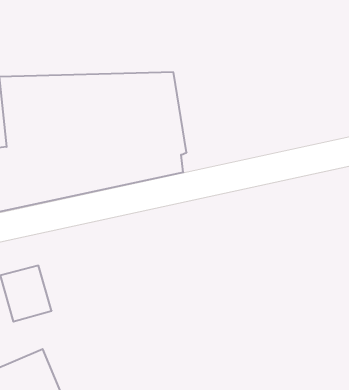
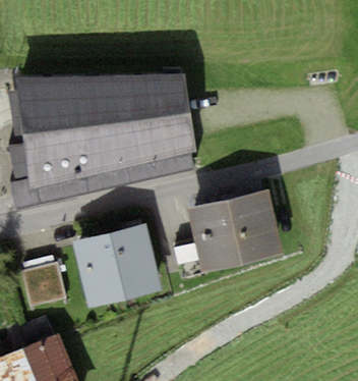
building: none -> [187,188,284,270]
building: none -> [69,220,164,309]

